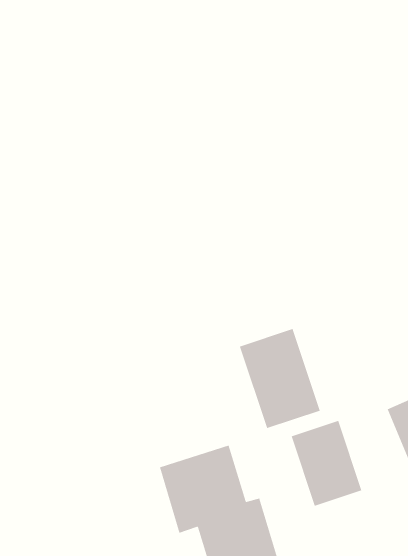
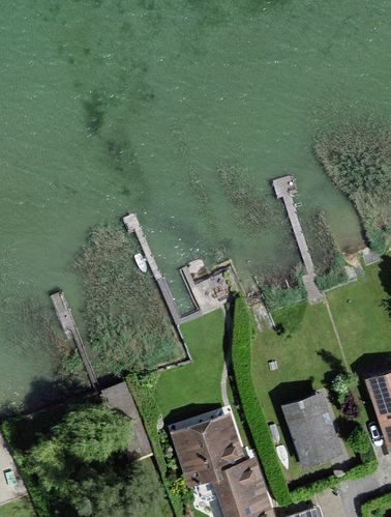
building: [239,328,320,429] -> none

